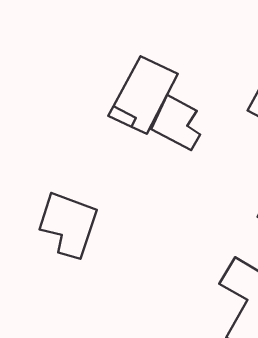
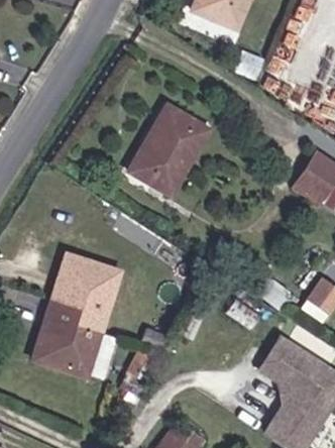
building: [151,95,200,150] -> none
building: none -> [35,305,119,387]

